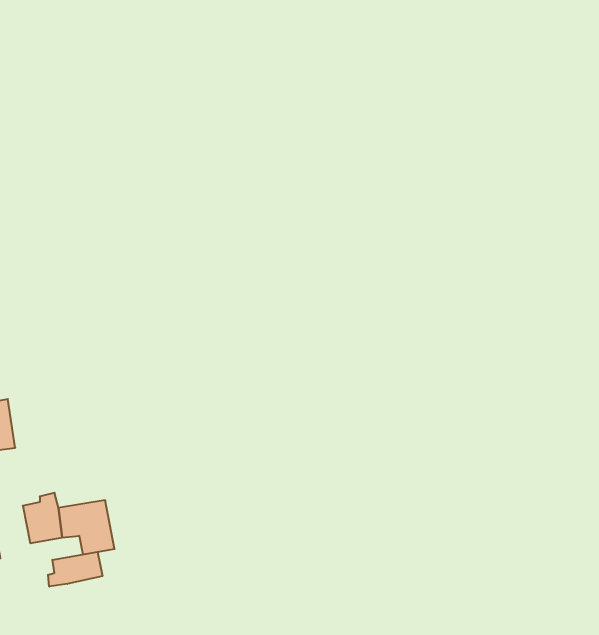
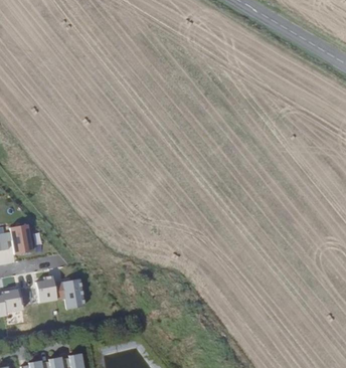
building: [48,552,102,587] -> none

